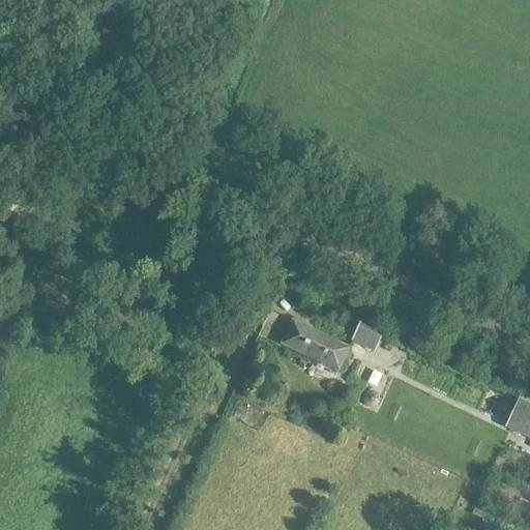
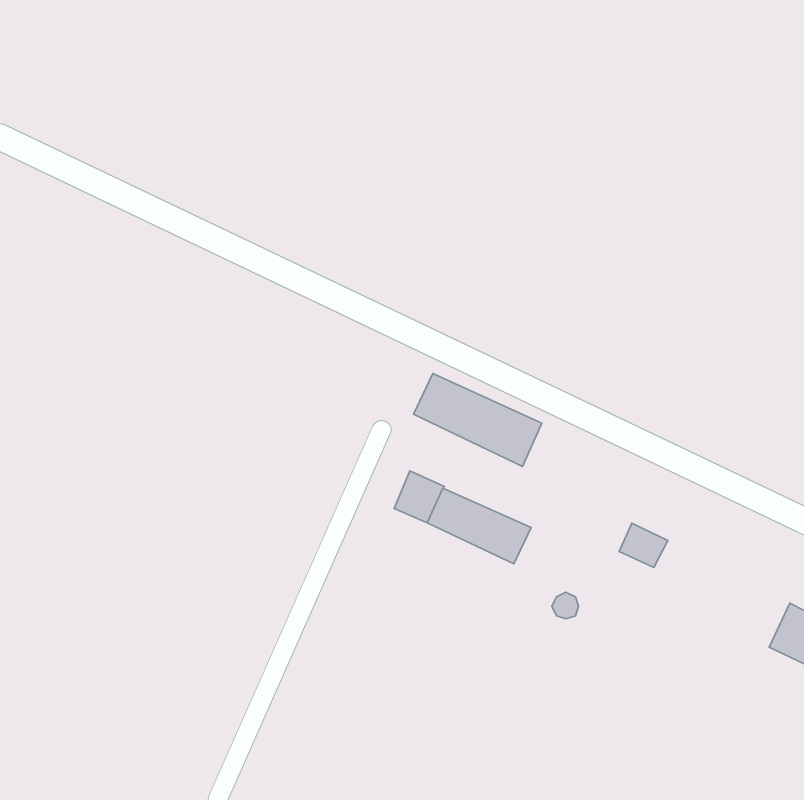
building: none -> [413,373,542,466]
building: [352,321,384,350] -> [619,523,668,567]

